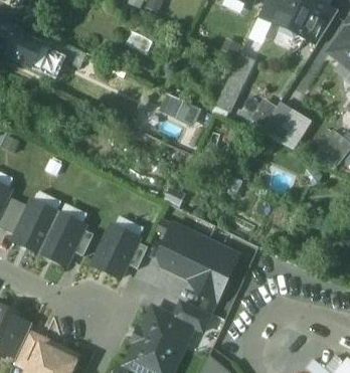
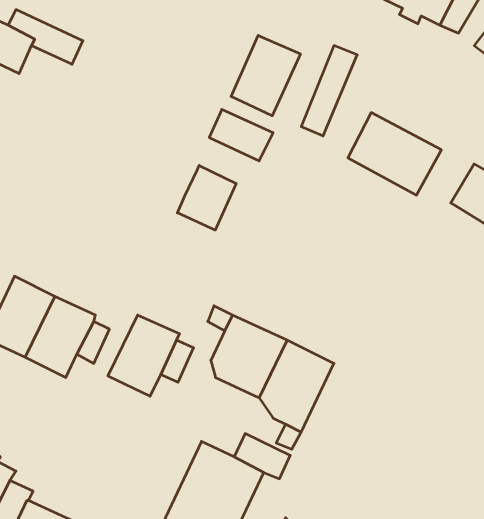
building: none -> [231,35,300,116]
building: none -> [177,165,236,230]

